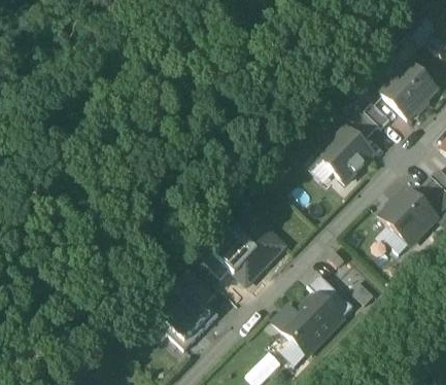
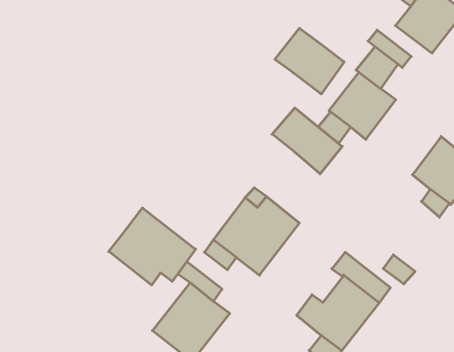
building: none -> [275,28,344,94]
building: none -> [272,108,342,174]
building: none -> [109,208,196,285]

